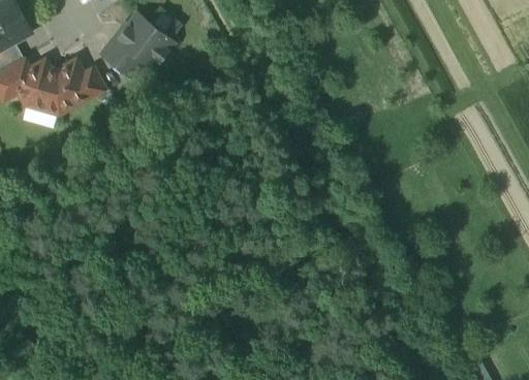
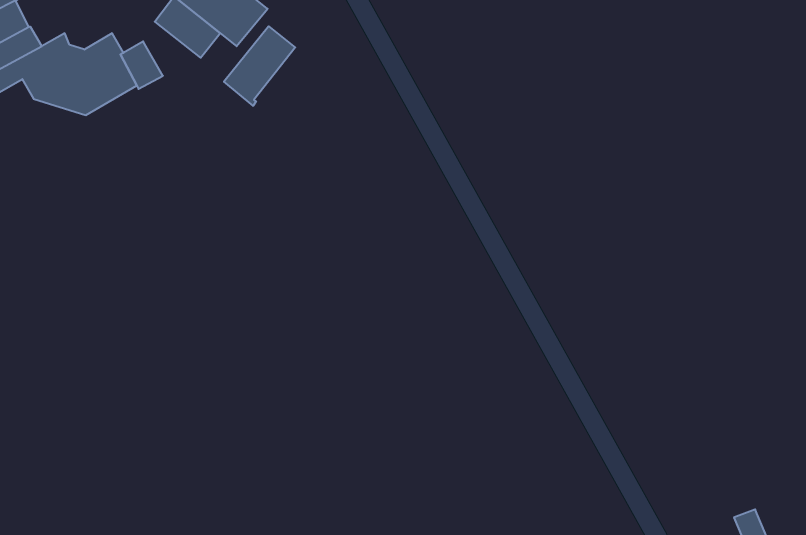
building: none -> [224,26,295,106]

